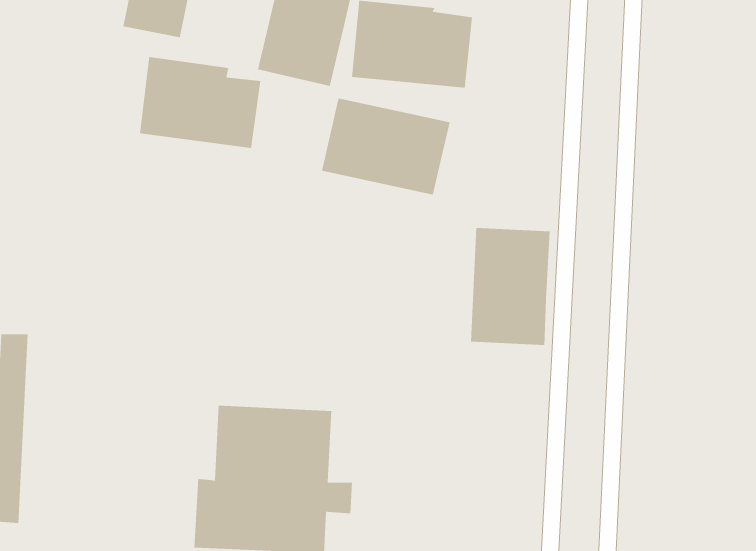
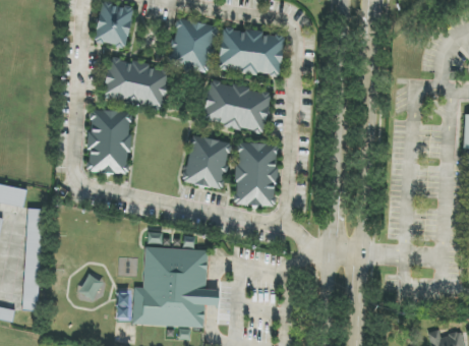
building: none -> [87,110,131,174]
building: none -> [183,135,231,189]
building: [470,228,551,346] -> [234,142,278,207]

